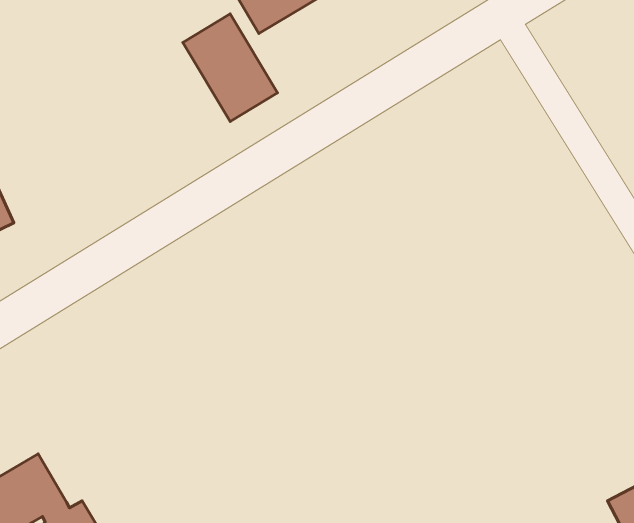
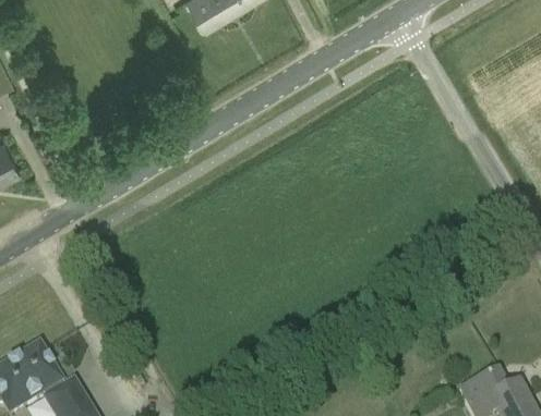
building: [183,14,277,121] -> none

